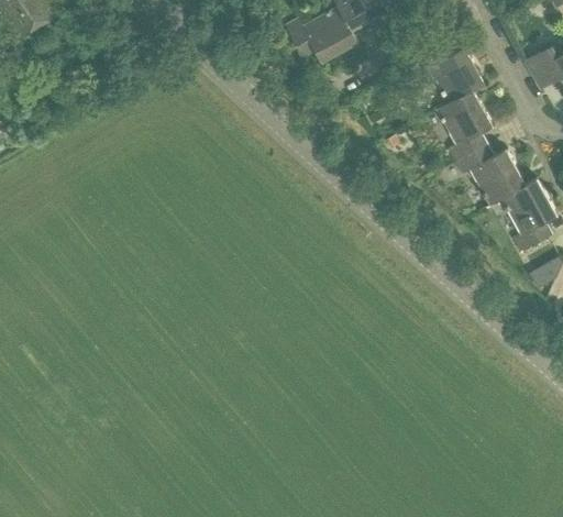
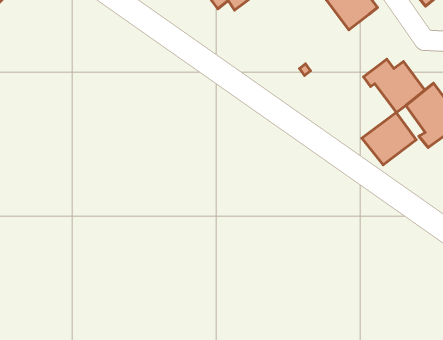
building: [437,89,493,160] -> none
building: none -> [362,112,416,165]

